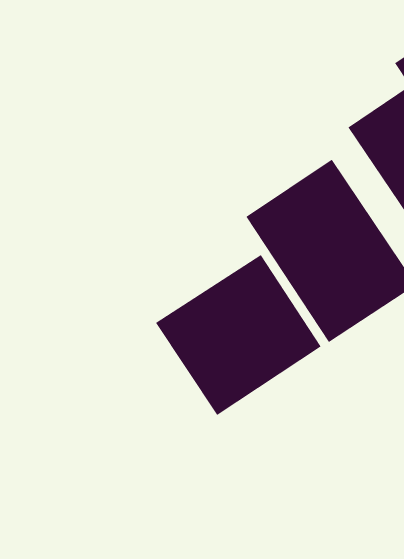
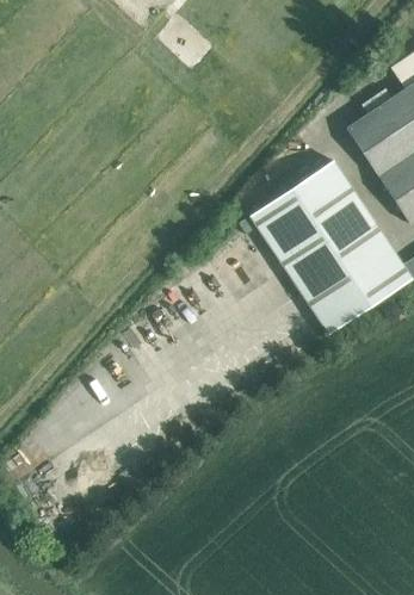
building: [155,254,321,416] -> none

